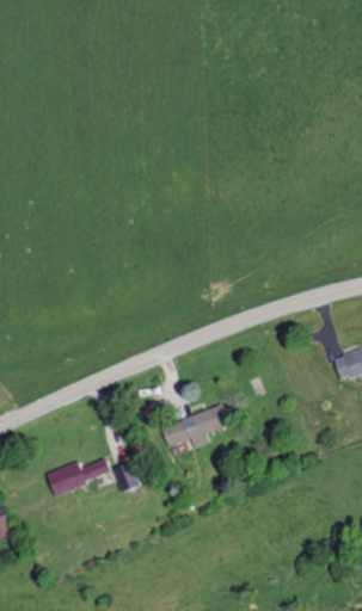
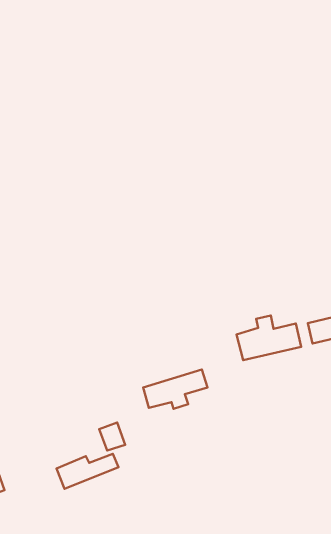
building: none -> [236,316,301,360]
building: [47,458,112,495] -> [57,454,119,489]

